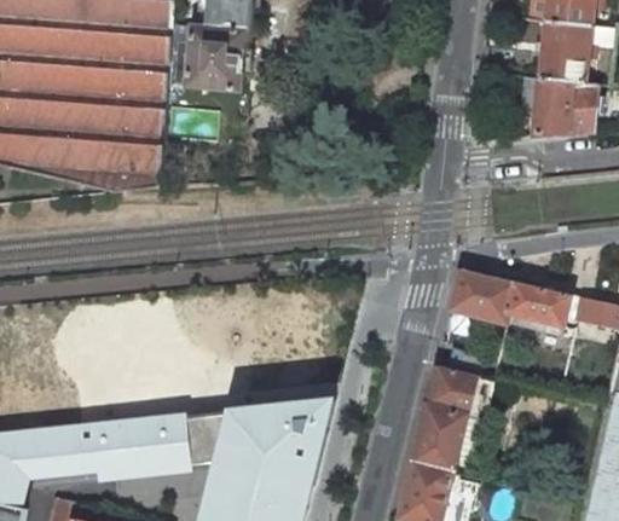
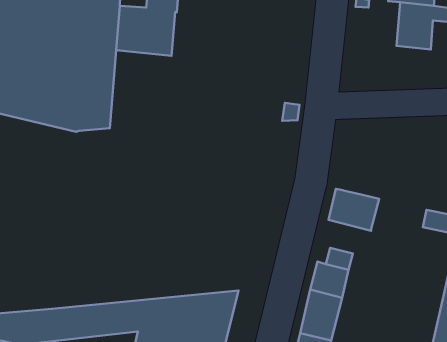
building: [533,77,596,135] -> none
building: [507,282,571,335] -> none

